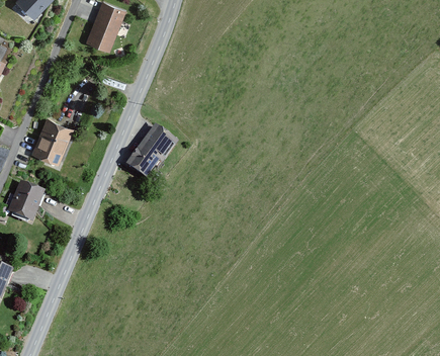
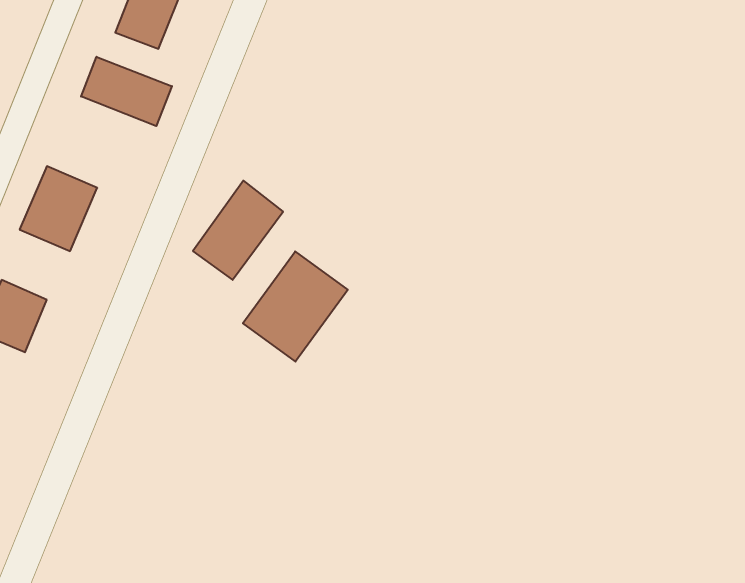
building: none -> [81,57,172,126]
building: none -> [243,251,348,362]

